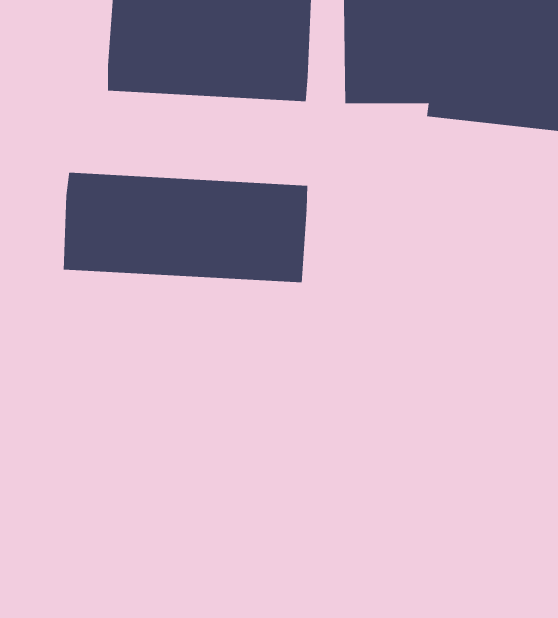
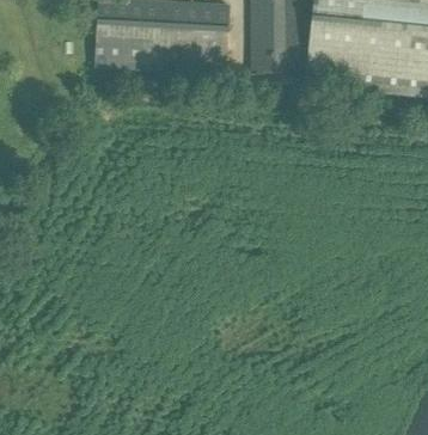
building: [63,172,308,283] -> none

